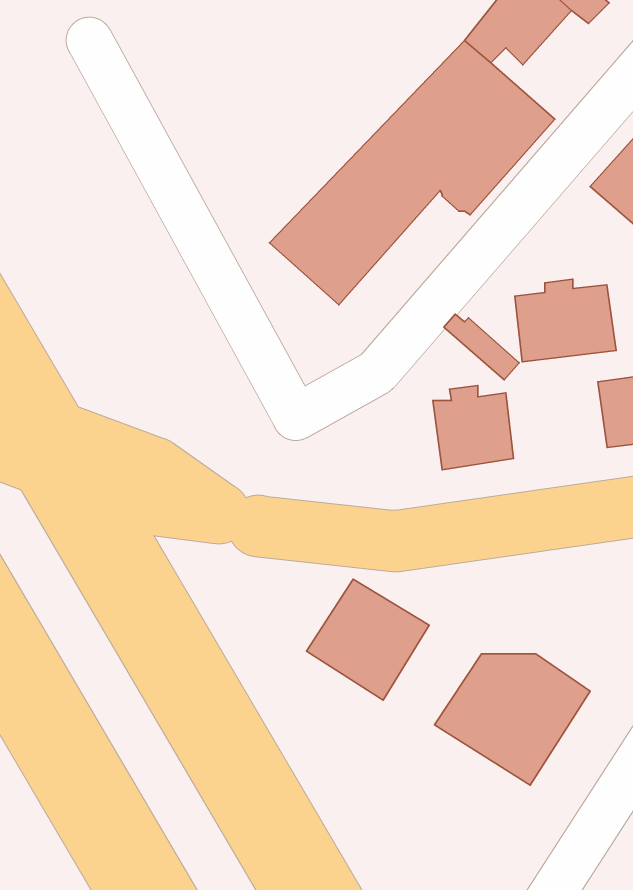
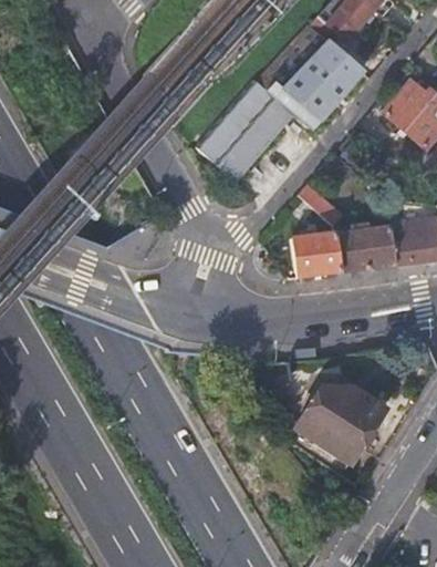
building: [515,279,616,362] -> [336,223,396,271]
building: [307,579,429,700] -> none

